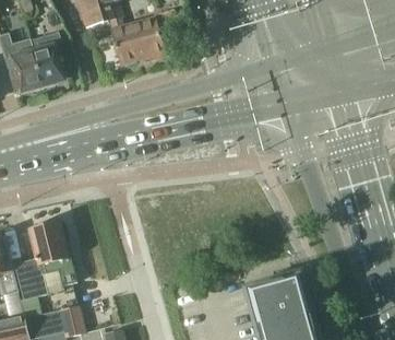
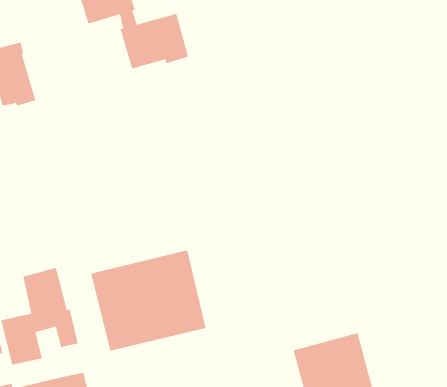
building: [31,32,68,87] -> none
building: none -> [90,250,206,351]

